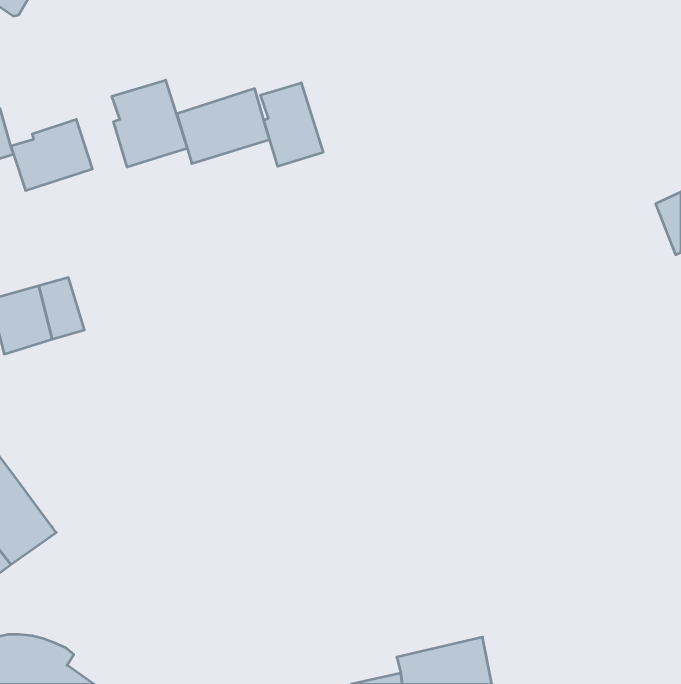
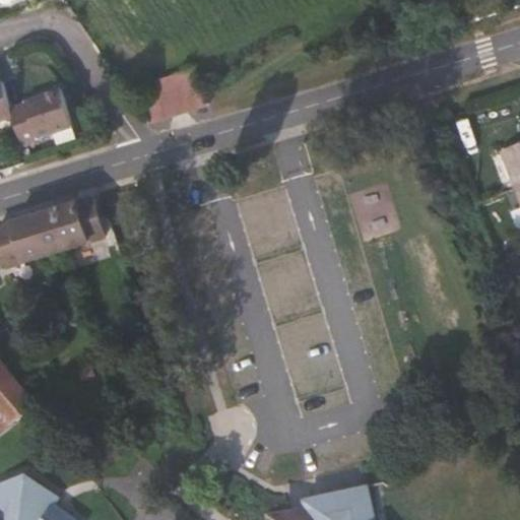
building: [112,80,187,167] -> none
building: [261,83,323,166] -> none
building: none -> [52,199,100,250]

